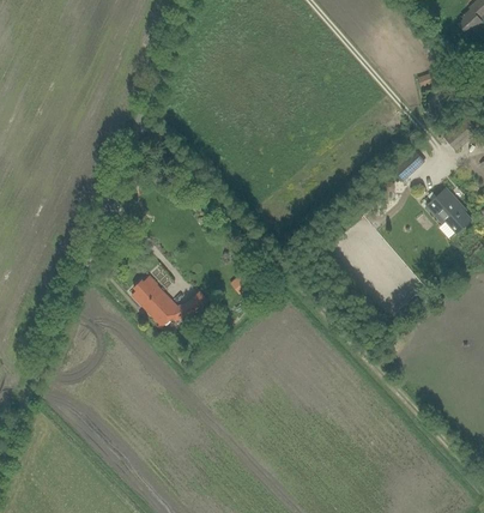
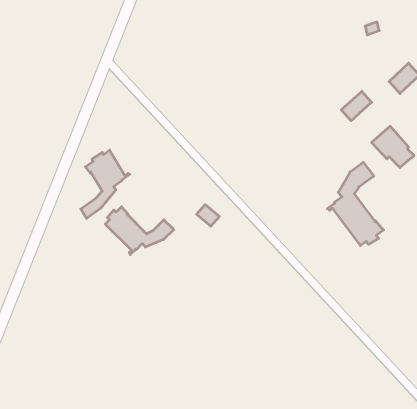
building: none -> [81,150,130,218]
building: none -> [327,162,384,246]

